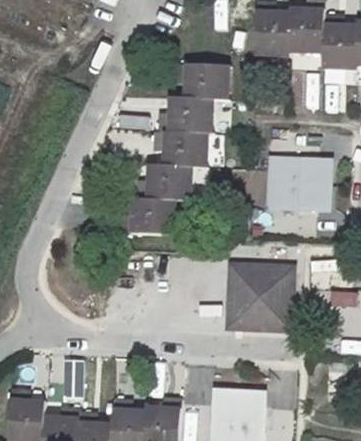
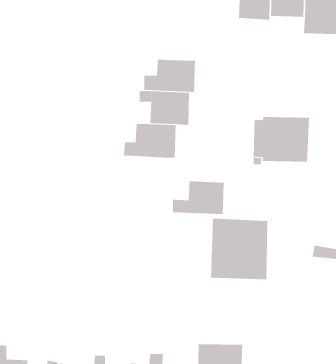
building: [177,62,228,98] -> none
building: [131,197,185,232] -> [172,181,224,215]
building: [66,364,88,403] -> none

